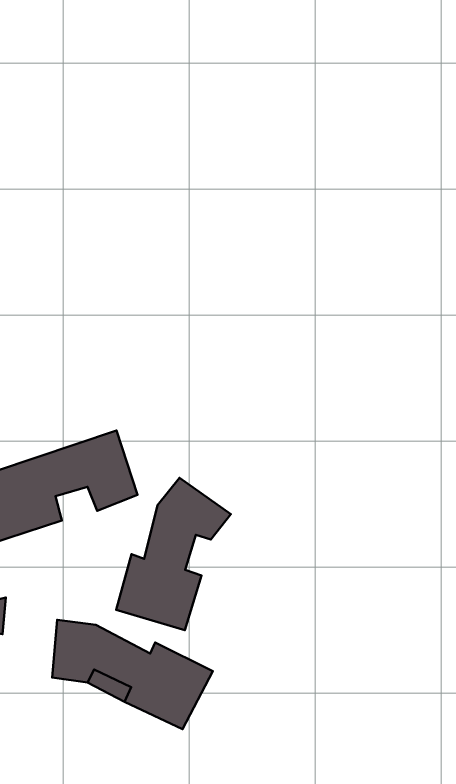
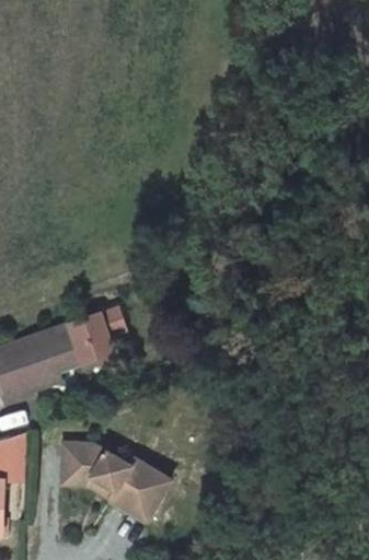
building: [116,478,231,630] -> none

